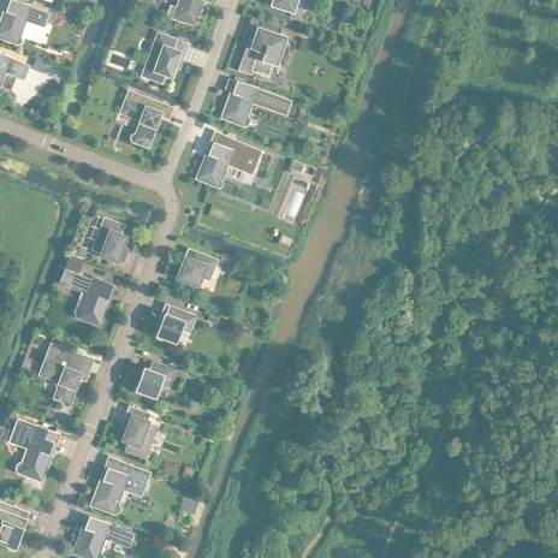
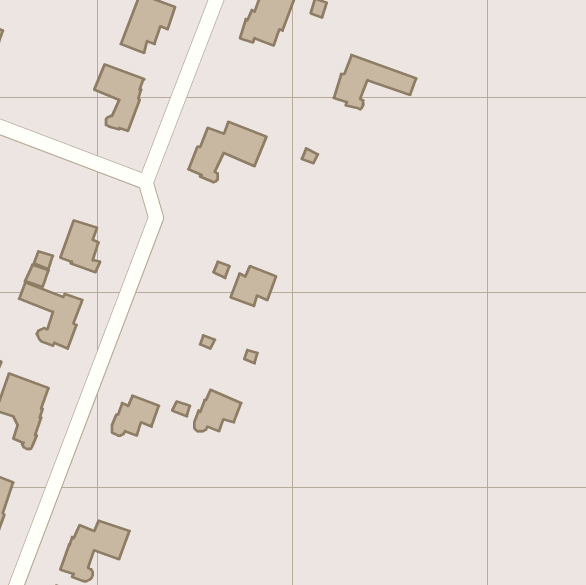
building: [222,82,290,126] -> [334,55,416,109]
building: [178,251,215,284] -> [231,266,276,306]
building: [155,305,194,339] -> [194,390,241,431]
building: [123,406,155,457] -> none

